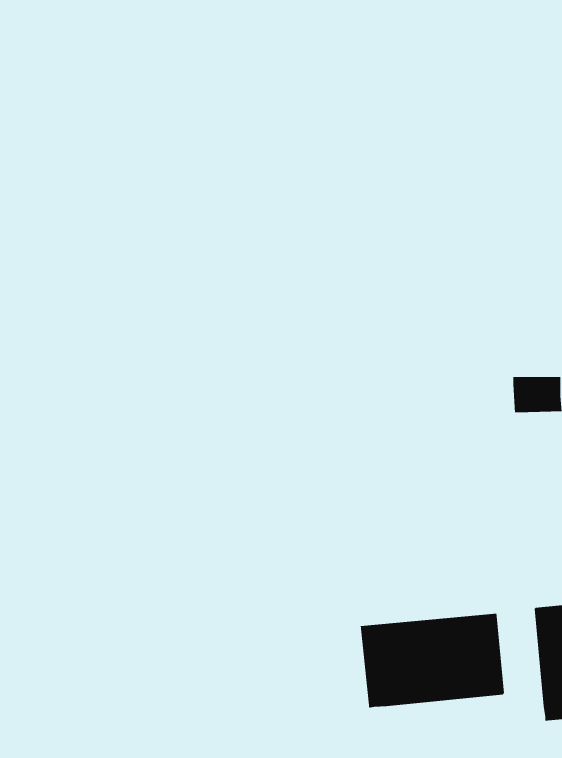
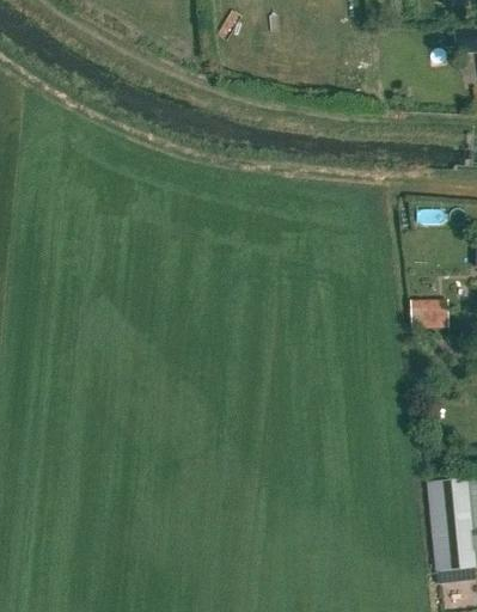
building: [360,613,505,709] -> none

